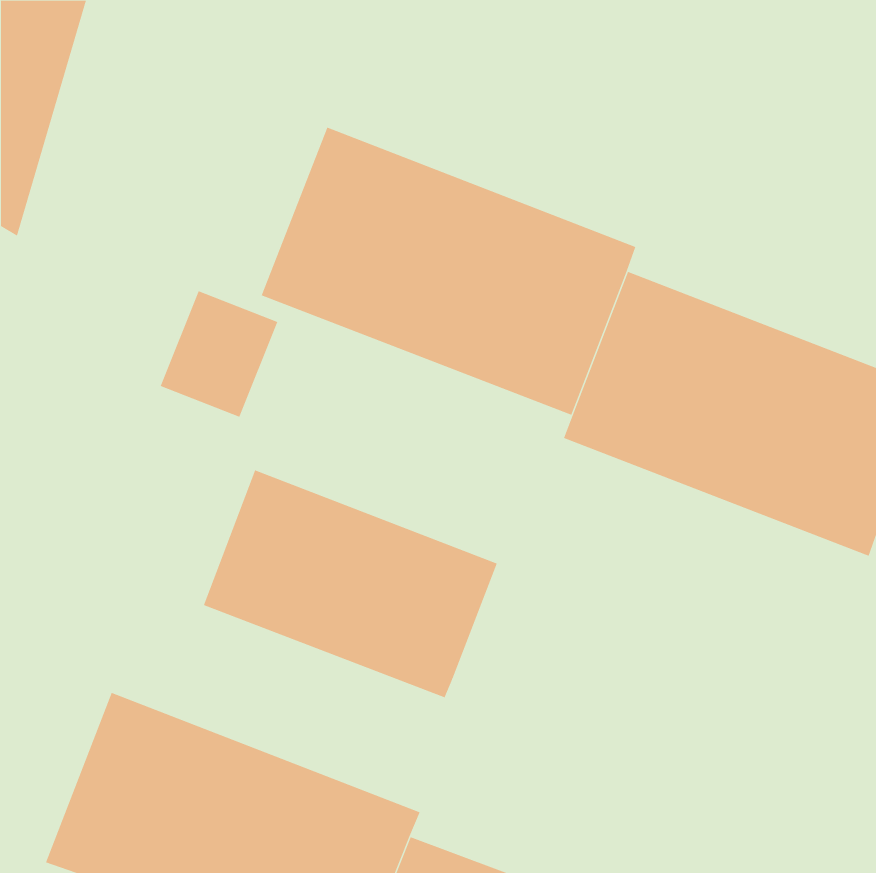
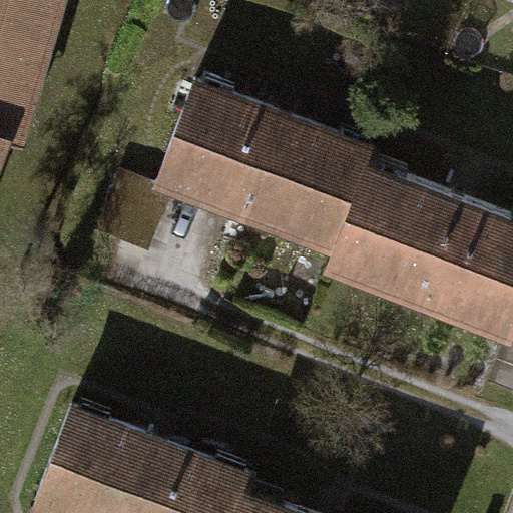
building: [203,470,497,698] -> none

